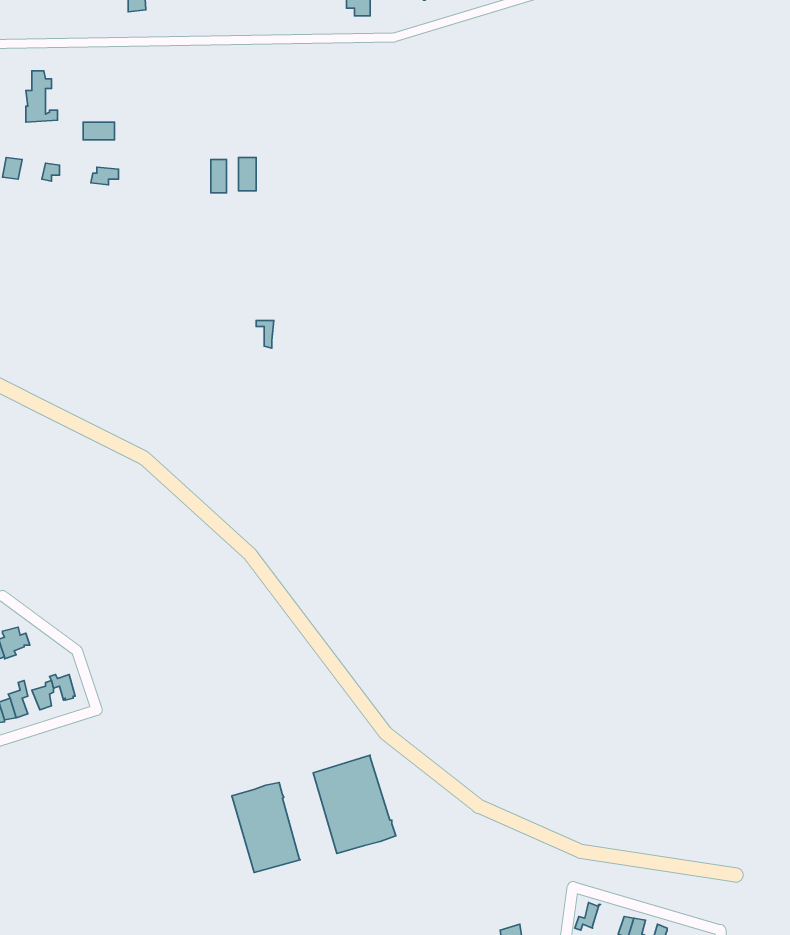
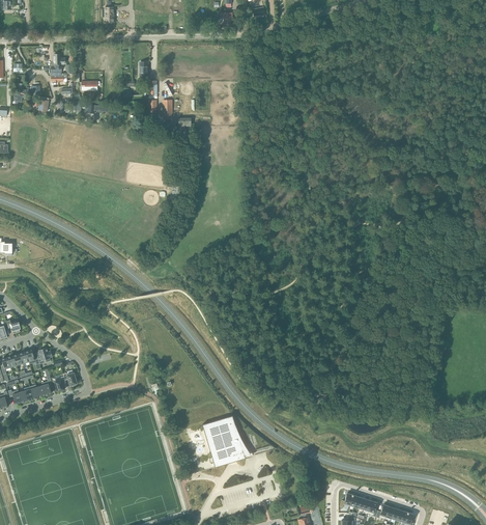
building: [232,783,300,872] -> none

